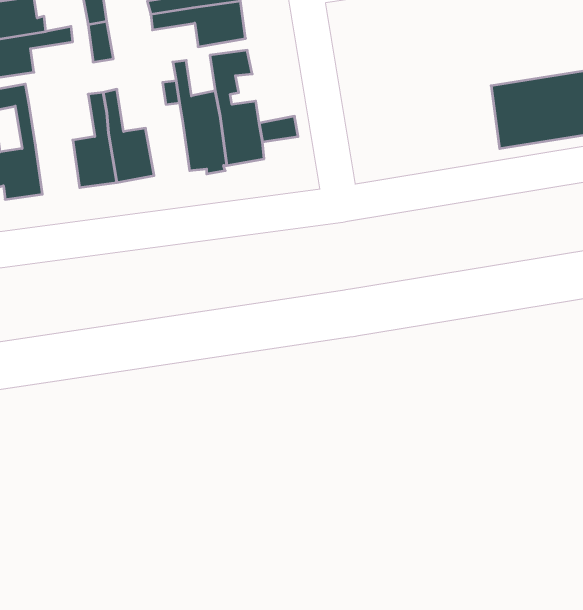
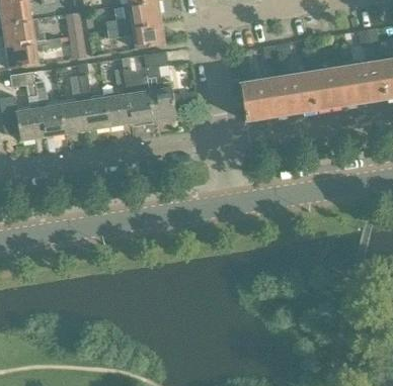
building: none -> [240,72,316,120]
building: none -> [34,81,65,136]
building: none -> [104,88,131,125]

